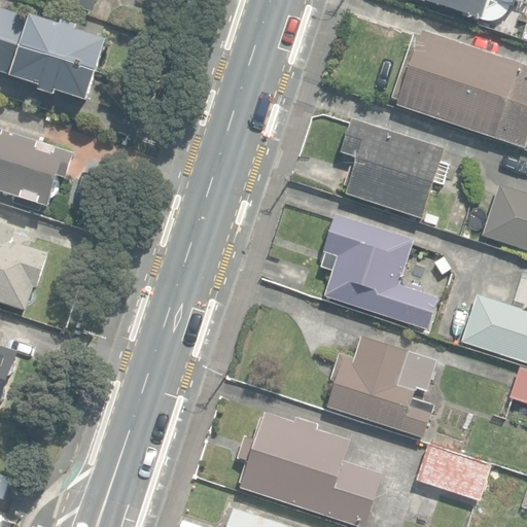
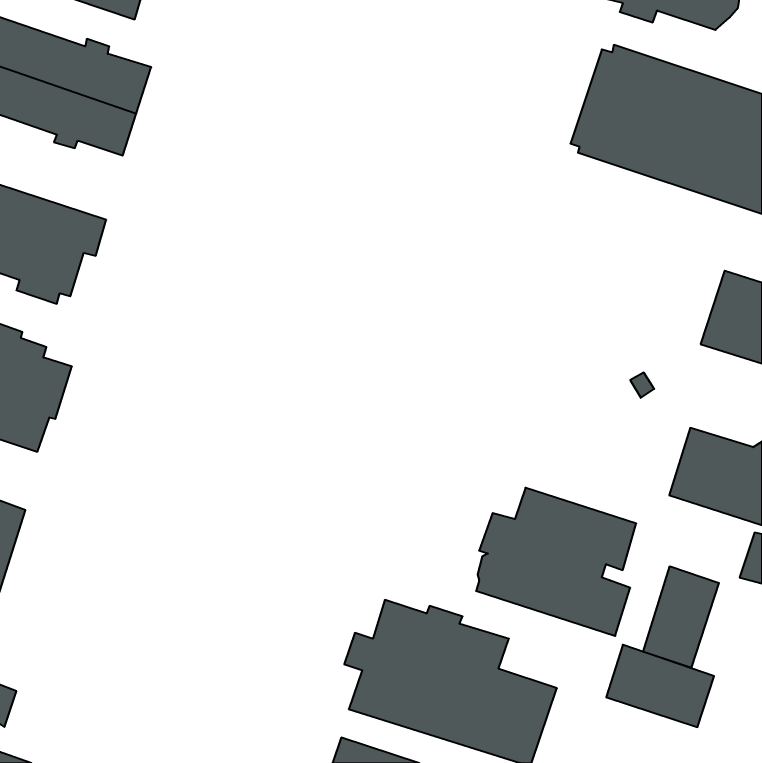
building: [342,118,447,219] -> none
building: [320,214,438,329] -> none
building: none -> [643,566,719,668]

